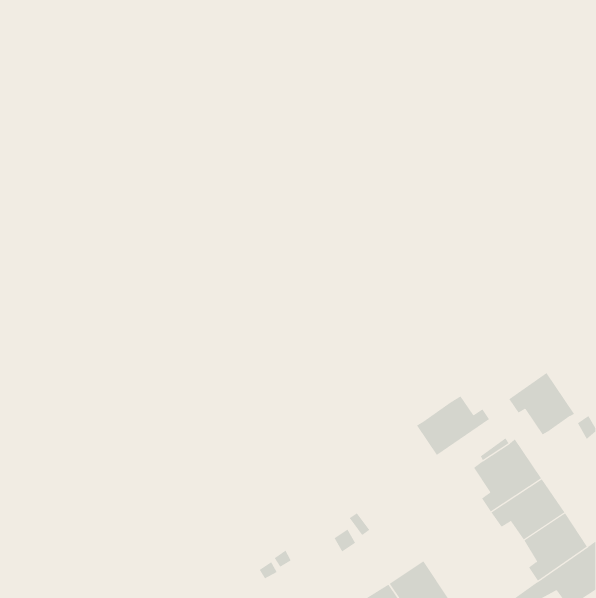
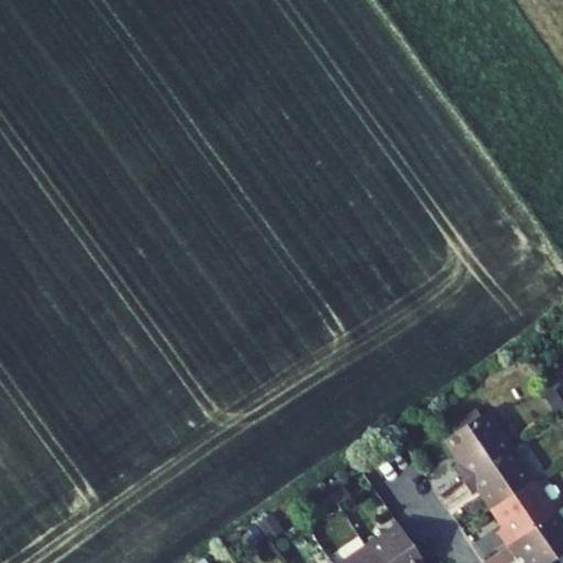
building: [509,372,575,435] -> none
building: [416,396,490,456] -> none

